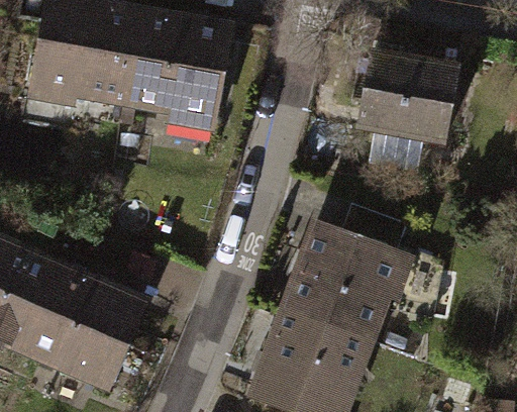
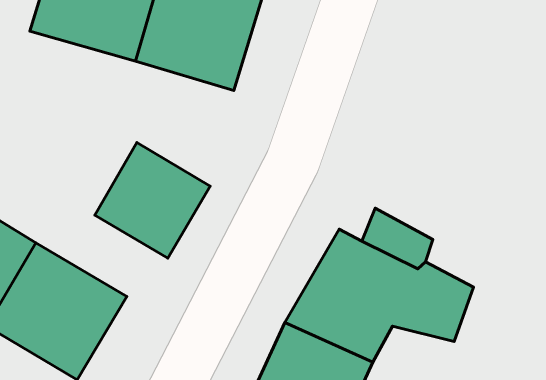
building: [353,55,457,146] -> none
building: none -> [95,142,210,258]

